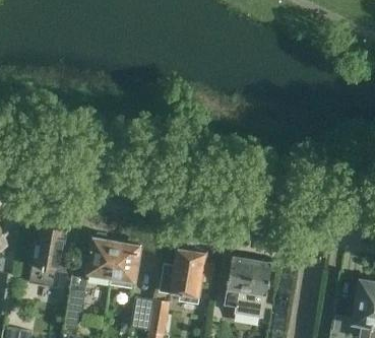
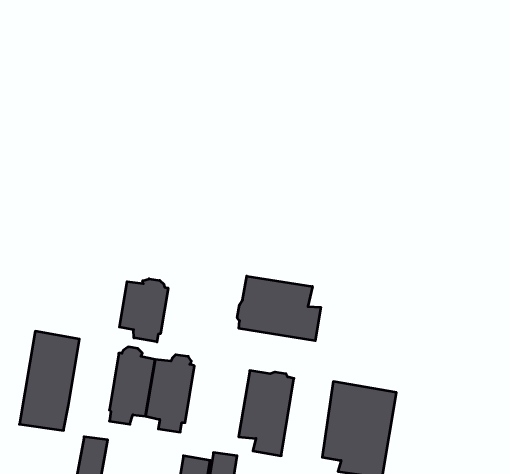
building: none -> [237,276,321,341]
building: none -> [119,279,168,342]

